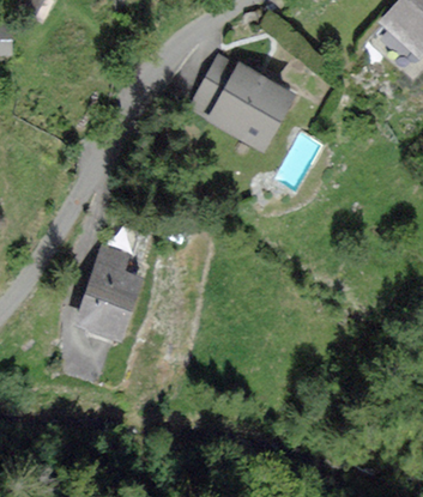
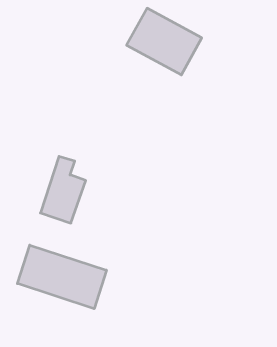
building: none -> [17,245,106,309]

